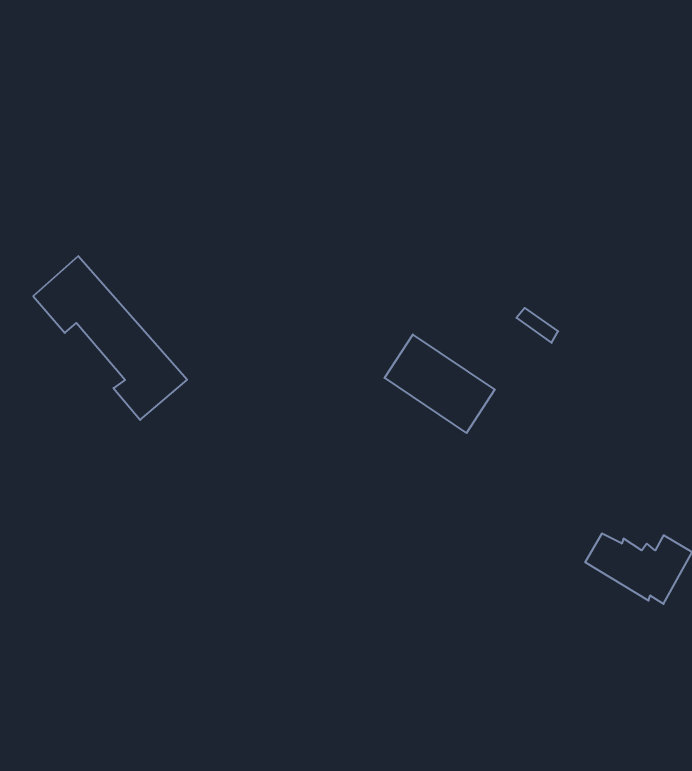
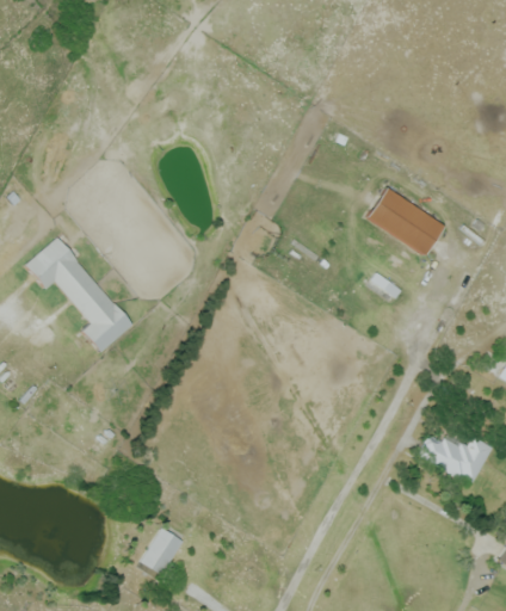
building: [384,334,495,433] -> [365,185,444,255]
building: none -> [136,526,186,581]

